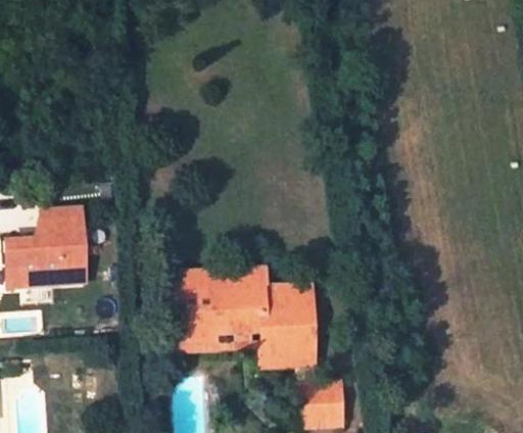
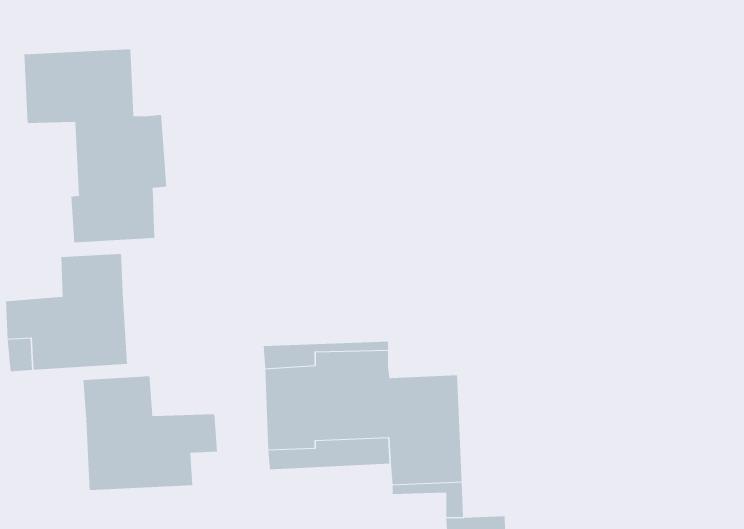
building: none -> [24,49,167,243]
building: none -> [83,375,218,491]

